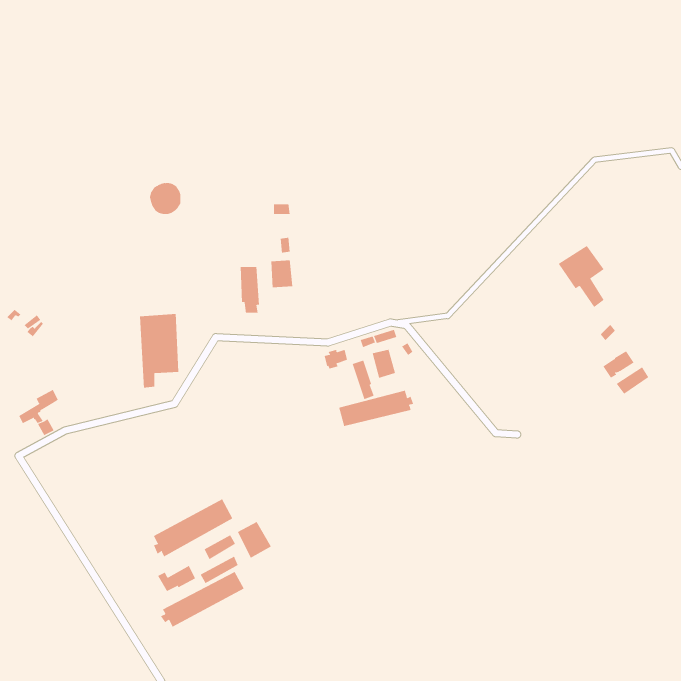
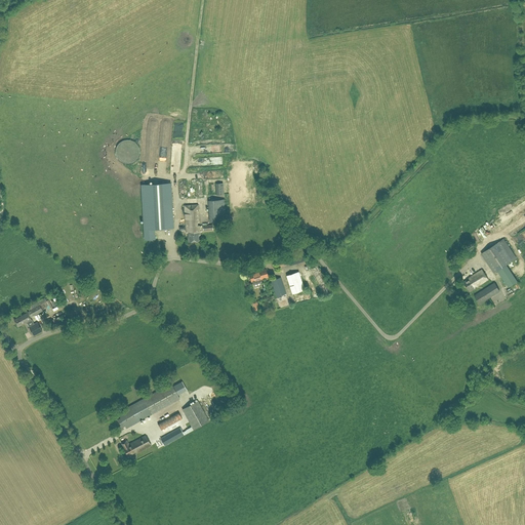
building: [558,245,604,308] -> [481,239,517,287]
building: [139,314,179,388] -> [142,183,172,240]
building: [339,390,414,427] -> none
building: [160,571,244,627] -> none

